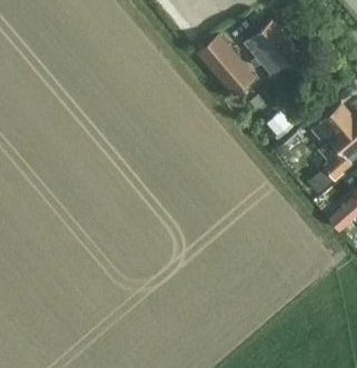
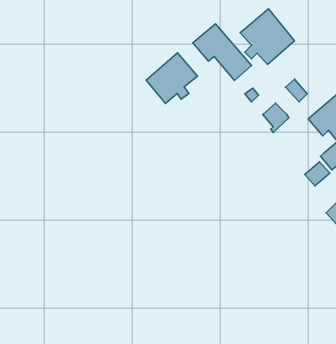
building: none -> [146,53,198,103]

